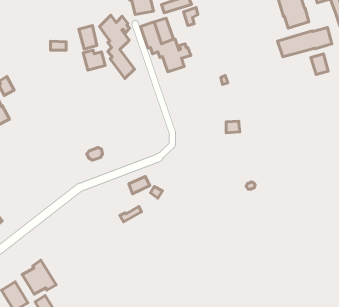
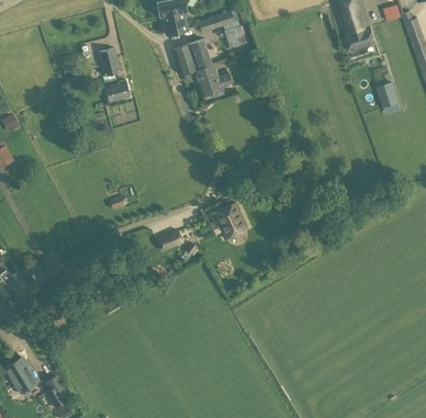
building: [99,15,134,79] -> none
building: [277,27,332,57] -> none
building: none -> [210,202,247,238]
building: [22,260,56,294] -> none

